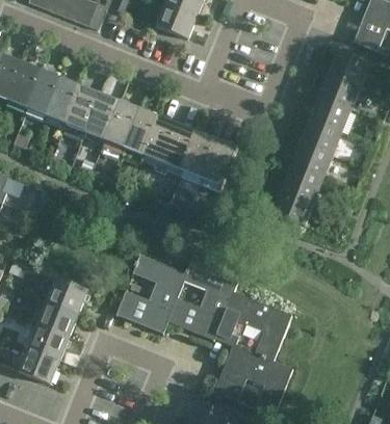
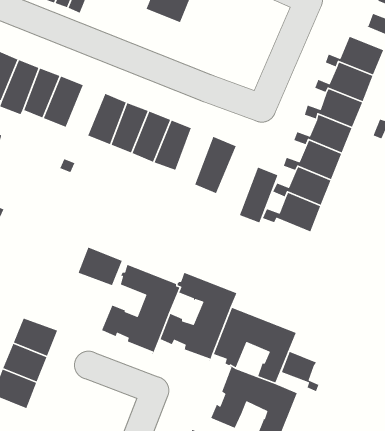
building: [85,94,120,139] -> none
building: [181,132,216,183] -> [239,167,279,224]
building: [47,277,87,313] -> [77,247,123,286]
building: none -> [281,351,320,392]

